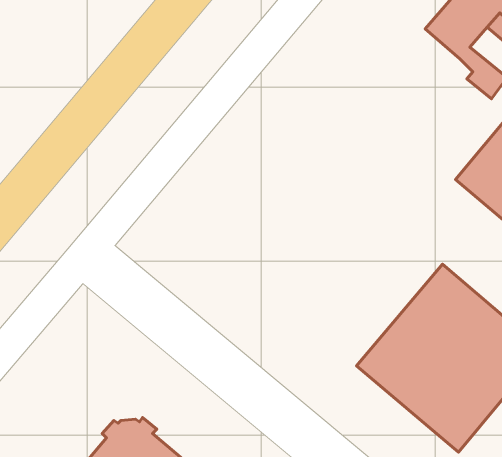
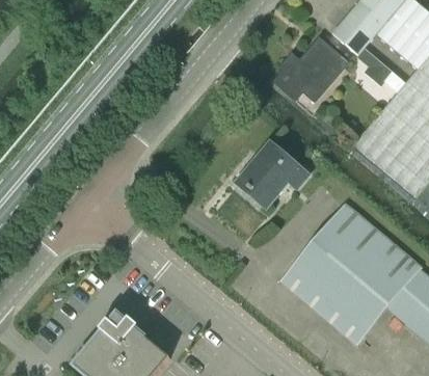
building: none -> [274,42,348,104]
building: none -> [236,144,305,208]

